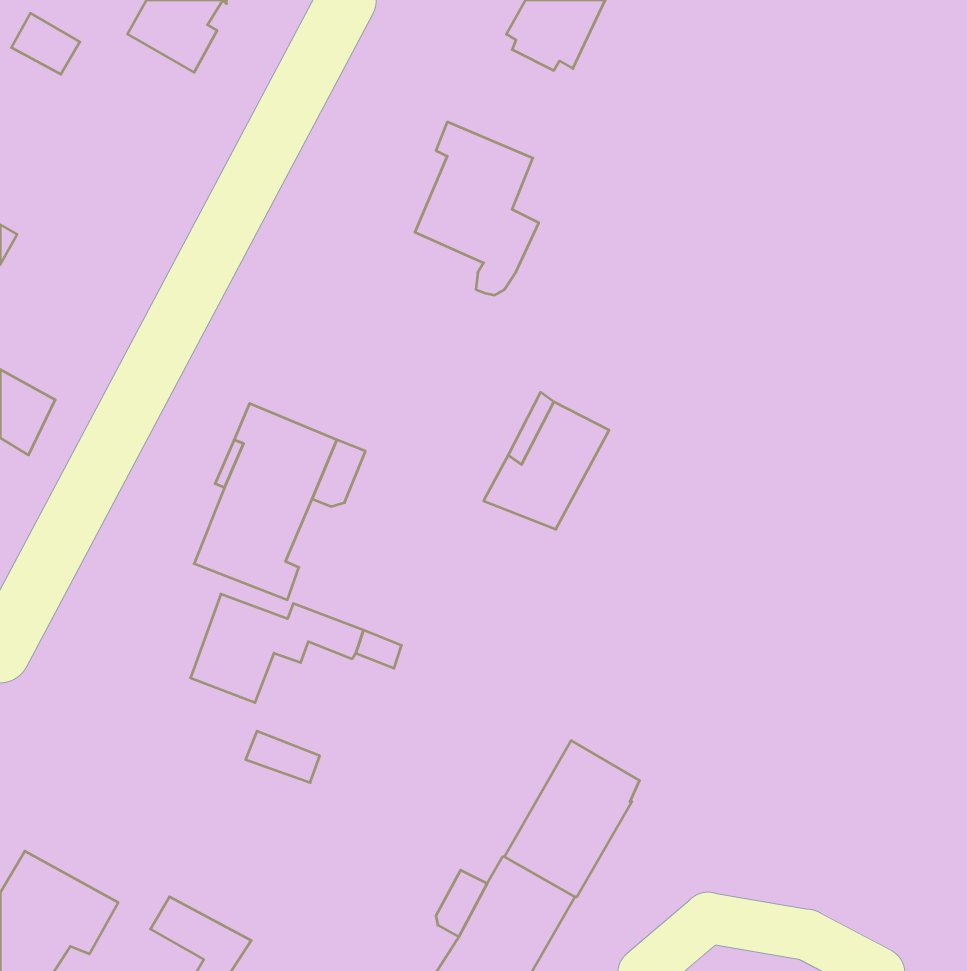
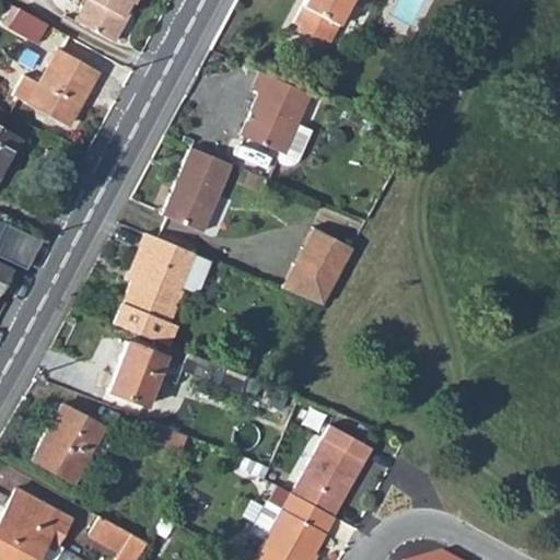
building: none -> [14,50,98,126]
building: none -> [162,144,232,232]
building: none -> [33,405,104,480]

